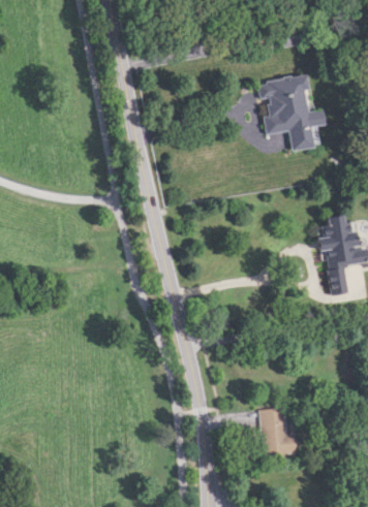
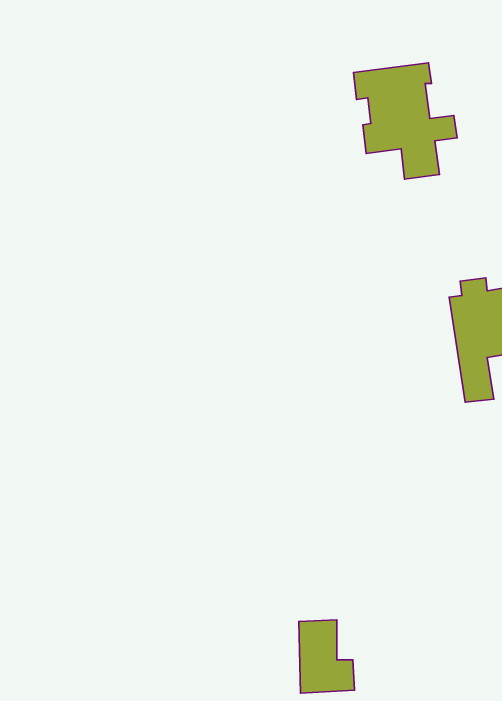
building: [260,408,297,455] -> [299,620,355,693]

